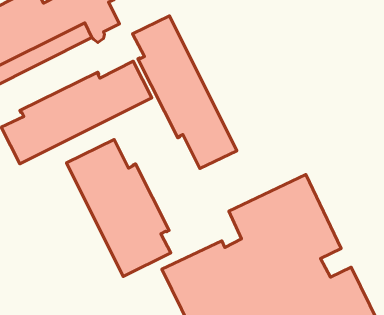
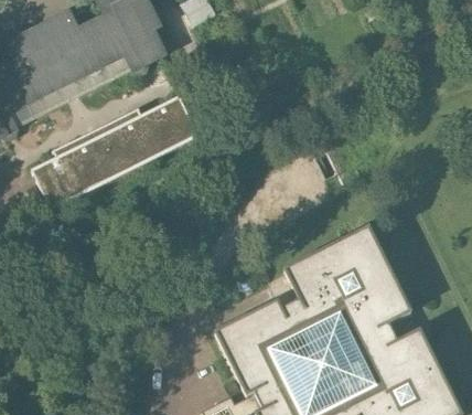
building: [133,16,237,169] -> none
building: [66,139,171,276] -> none

